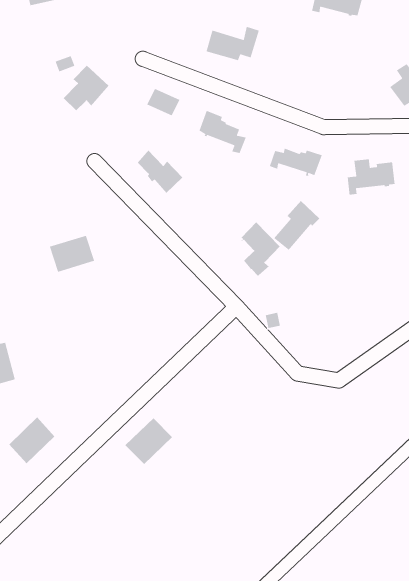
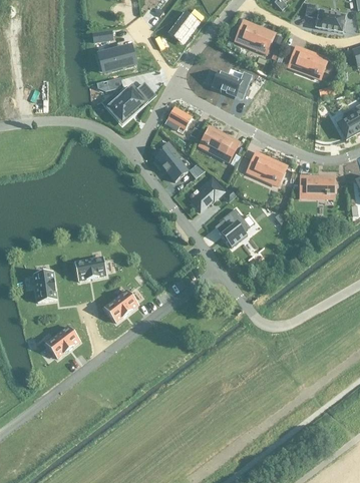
building: none -> [100,45,135,70]
building: [273,200,320,251] -> [190,175,224,209]
building: [49,235,95,273] -> [75,256,106,280]
building: [125,418,173,465] -> [104,289,138,321]

